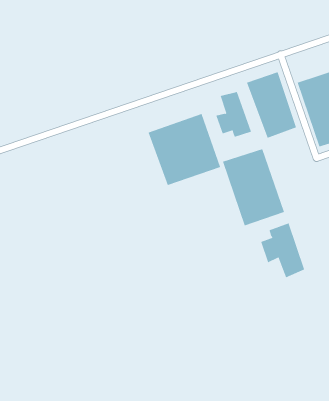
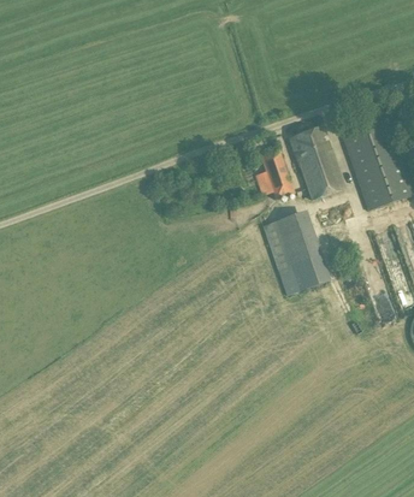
building: [148,113,221,186] -> none
building: [260,222,305,278] -> none

